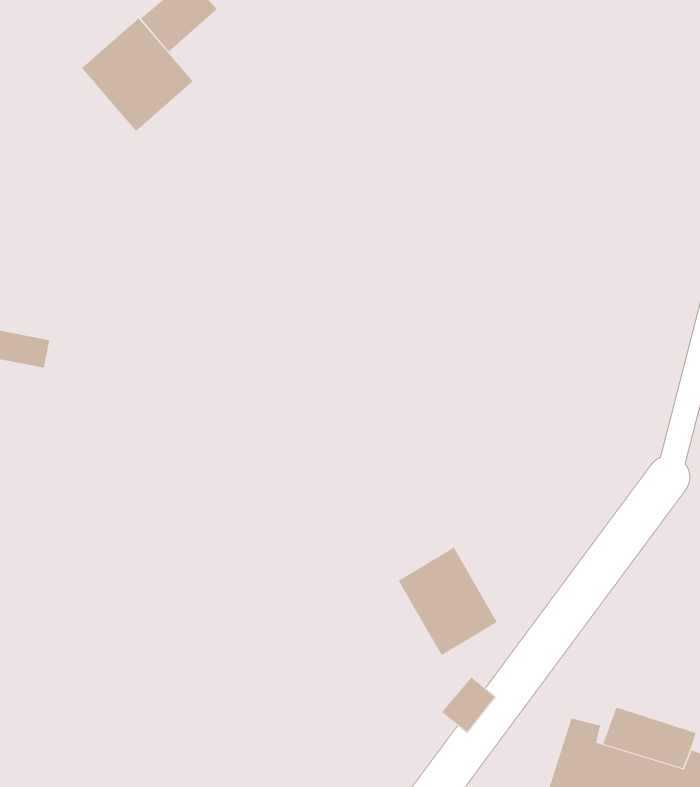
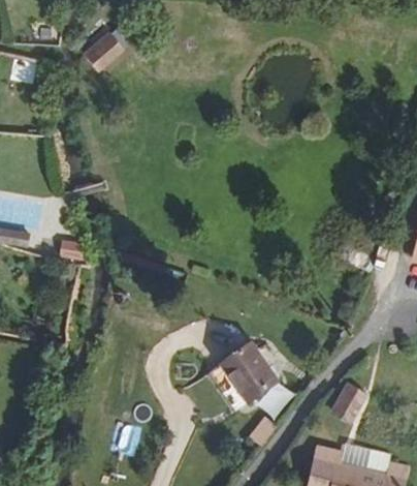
building: [81,17,193,132] -> none
building: none -> [326,381,365,426]

